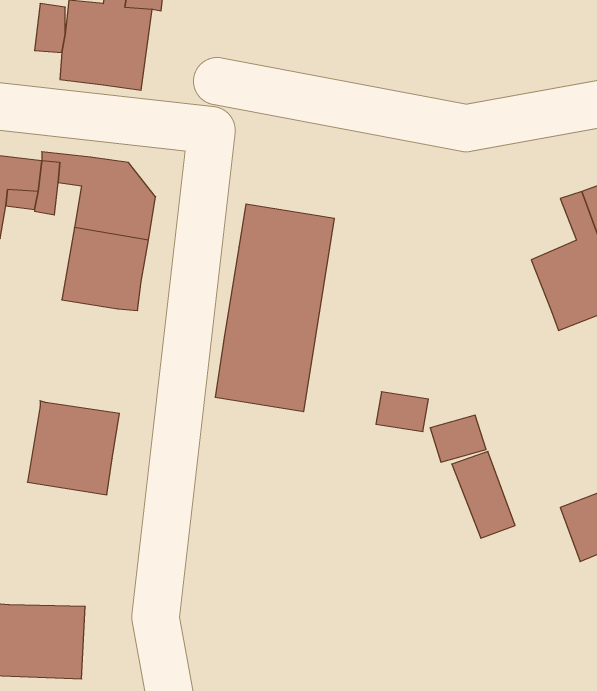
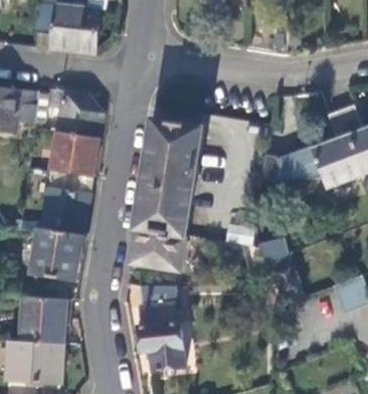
building: none -> [260,147,323,181]
building: none -> [41,172,89,235]
building: none -> [130,226,185,270]
building: none -> [136,284,184,370]
building: none -> [21,296,70,343]

